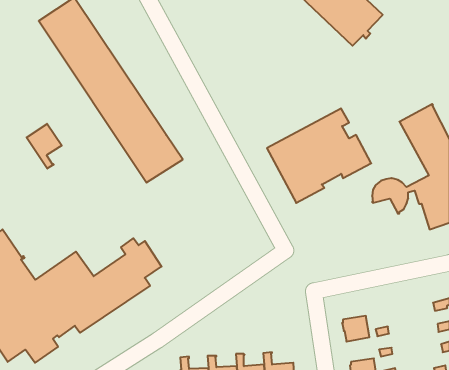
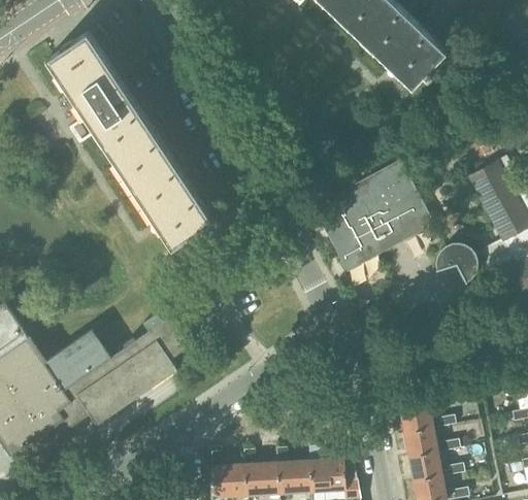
building: [27,124,62,169] -> none
building: none -> [403,430,436,459]

